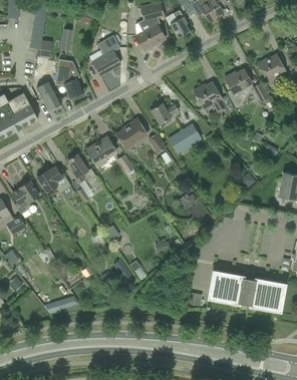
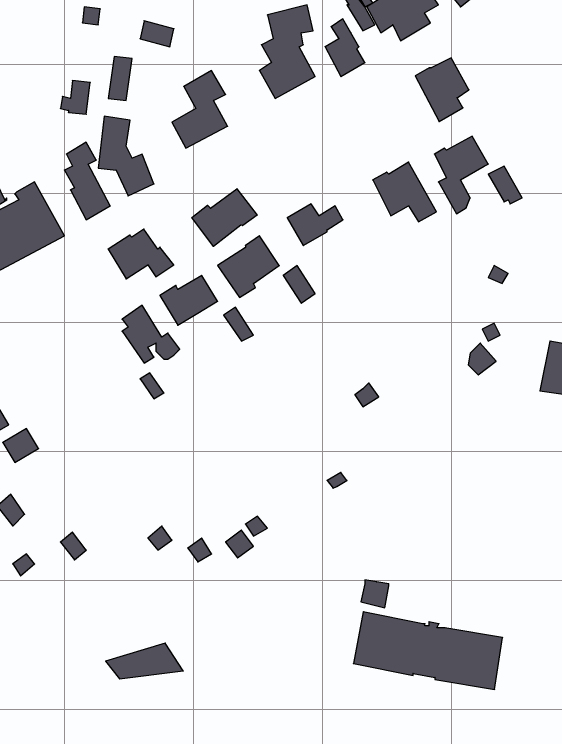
building: [258,55,285,87] -> [415,58,469,122]
building: none -> [192,189,257,246]
building: [169,124,202,153] -> none
building: [37,167,70,193] -> [108,229,174,279]
building: [12,181,39,215] -> none
building: [209,272,284,311] -> [353,612,503,689]
building: [44,296,83,314] -> [106,643,183,679]

